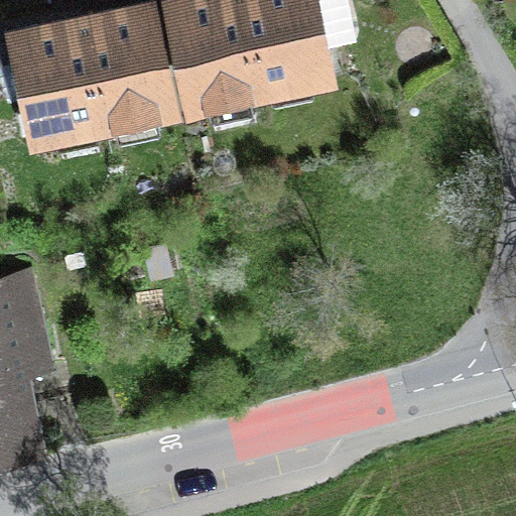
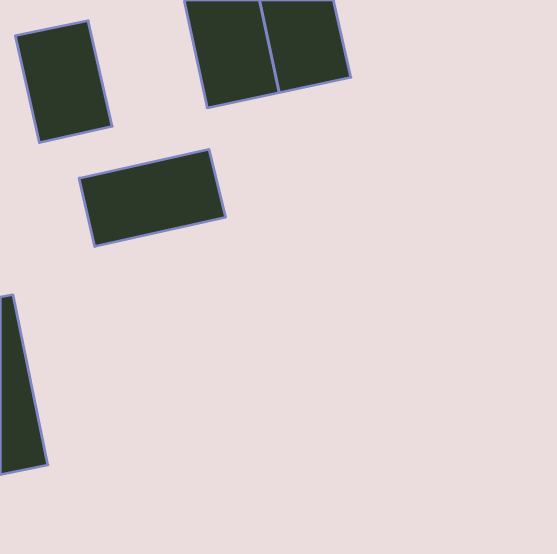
building: [82,6,171,119] -> none
building: none -> [79,149,225,247]

